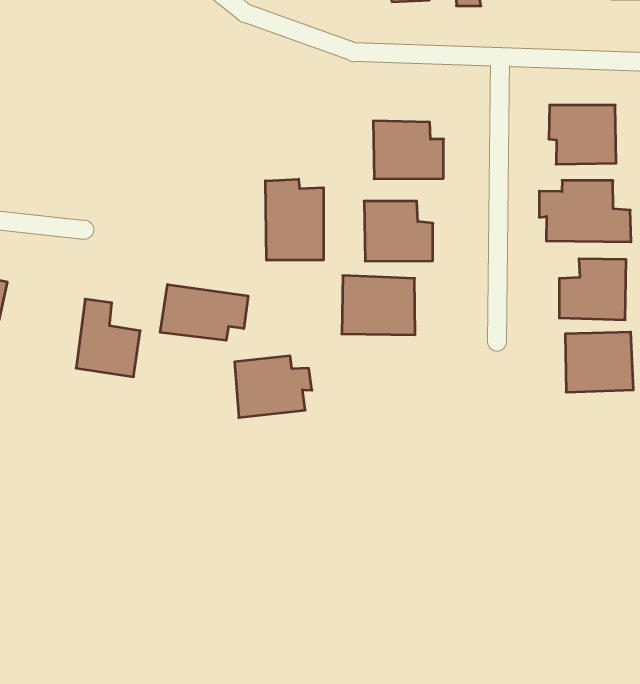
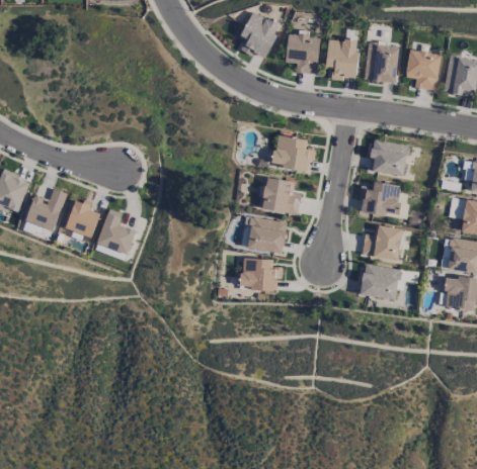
building: [265,179,323,260] -> none
building: [160,284,248,340] -> none
building: none -> [65,198,100,238]
building: [235,356,312,418] -> [240,258,282,289]

